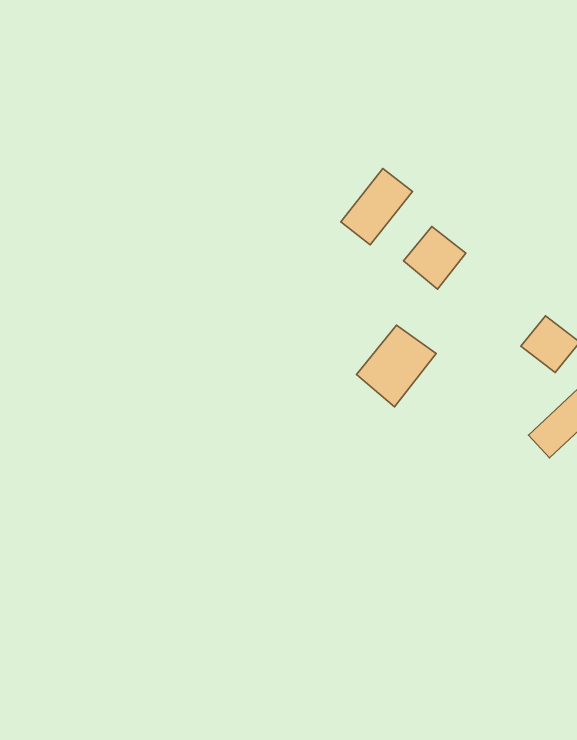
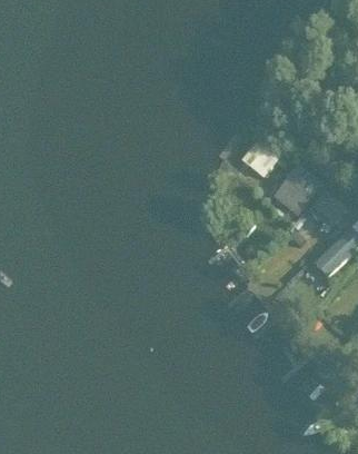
building: [341,168,412,245] -> none
building: [357,325,436,407] -> [274,166,320,214]

